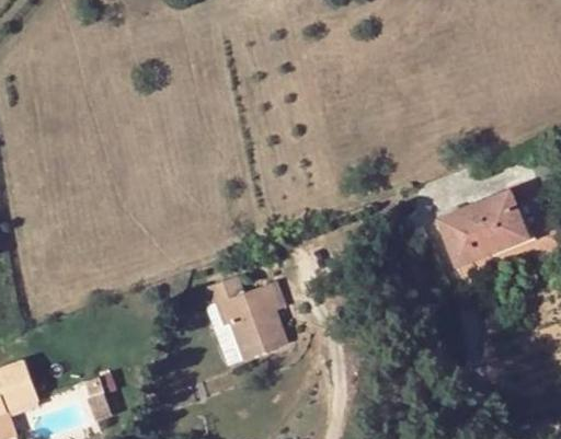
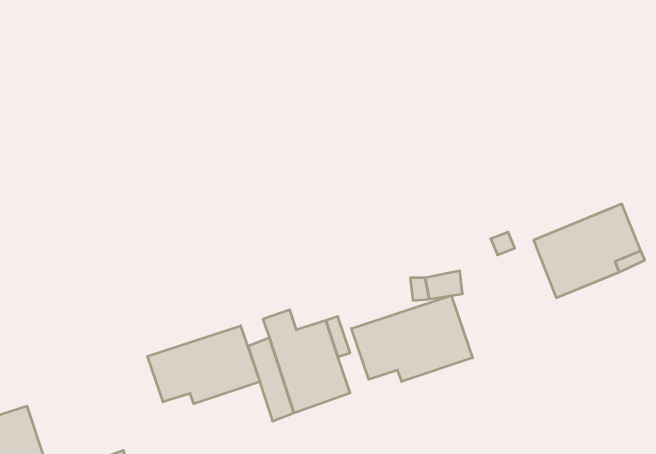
building: none -> [351,296,473,382]
building: none -> [148,326,260,404]

